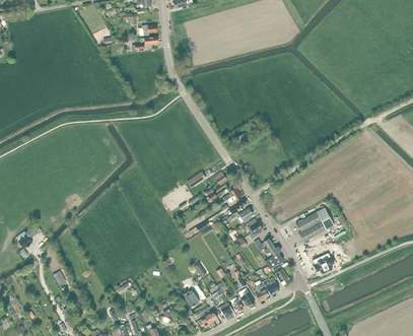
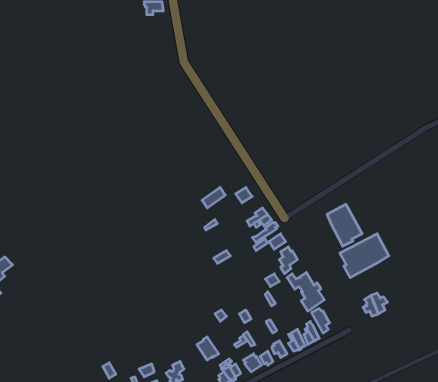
building: none -> [327,204,362,246]

